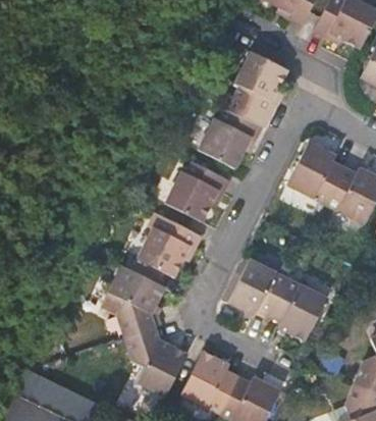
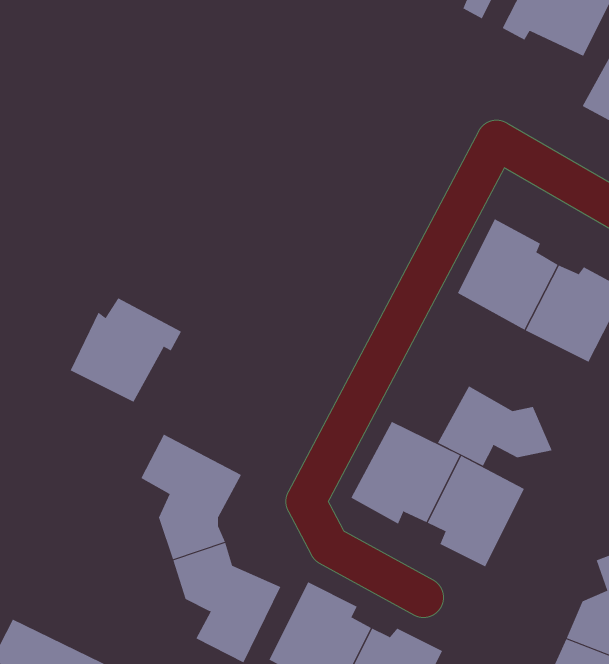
building: [233,51,289,118] -> none
building: [198,108,263,170] -> none
building: [165,162,229,221] -> none
building: [138,217,202,277] -> [70,298,182,403]
building: none -> [437,385,552,467]

